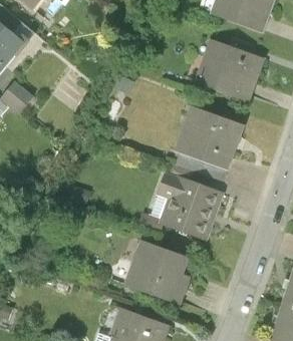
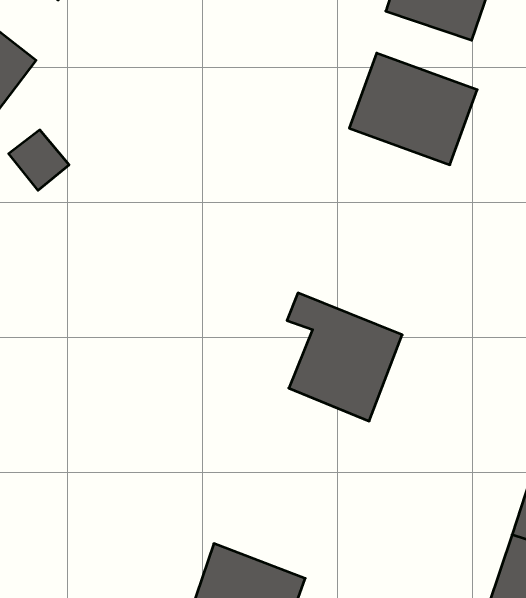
building: [174,109,242,170] -> none
building: [124,242,191,305] -> none

